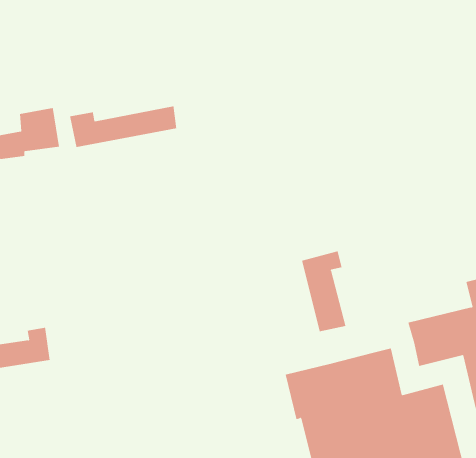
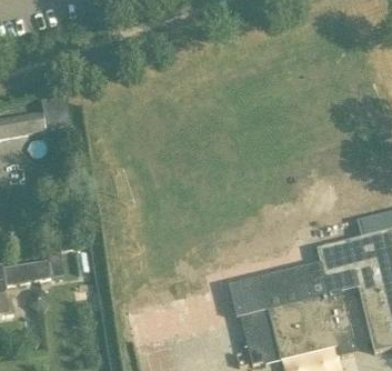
building: [69,106,177,148] -> none
building: [301,251,346,332] -> none

